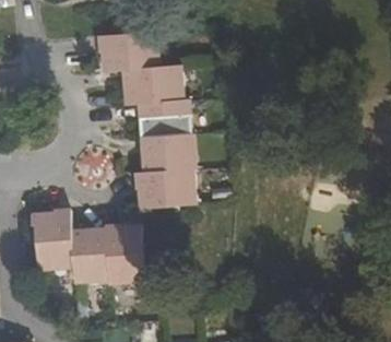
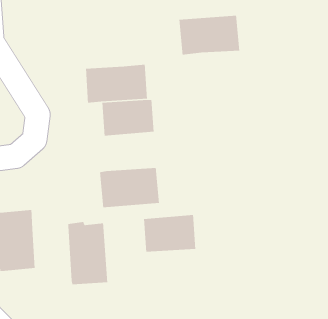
building: [98,31,159,71] -> [179,15,240,55]
building: [140,132,192,170] -> [143,214,196,253]
building: [70,225,107,283] -> none

